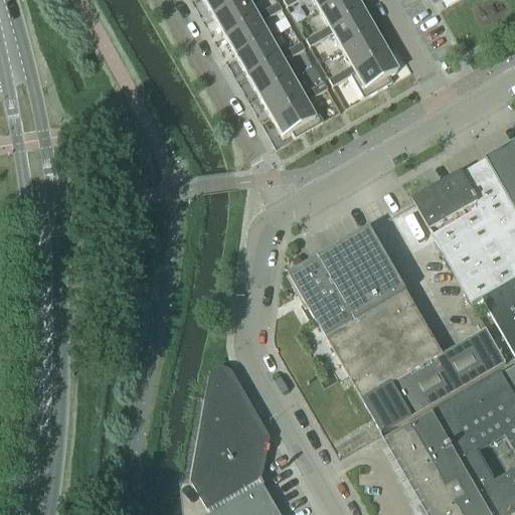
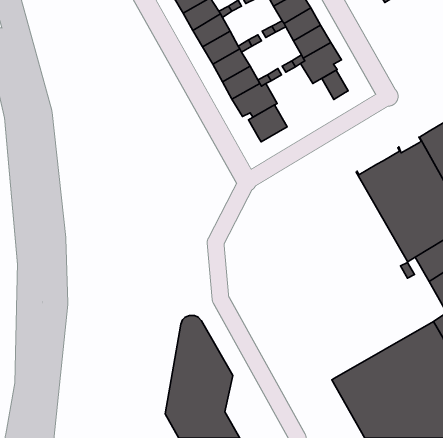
building: none -> [322,70,348,99]
building: none -> [248,105,287,142]
building: [290,226,506,431] -> none

